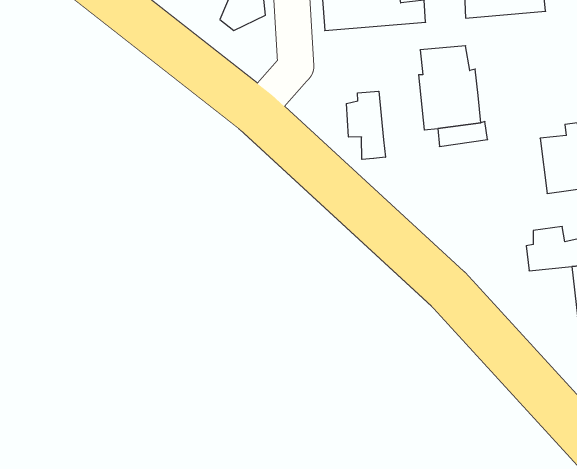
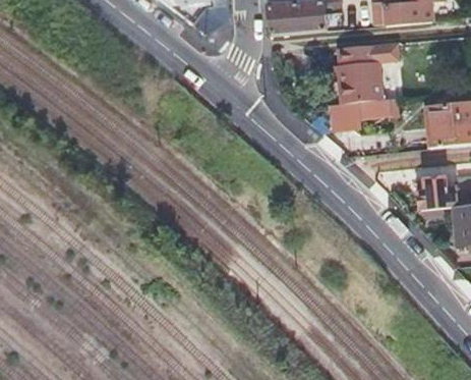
building: [346,91,385,159] -> none

